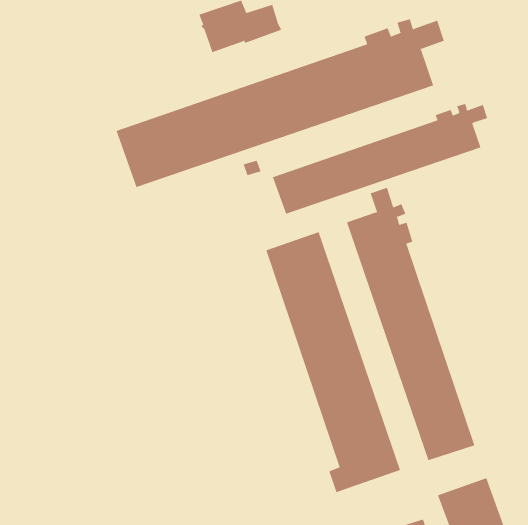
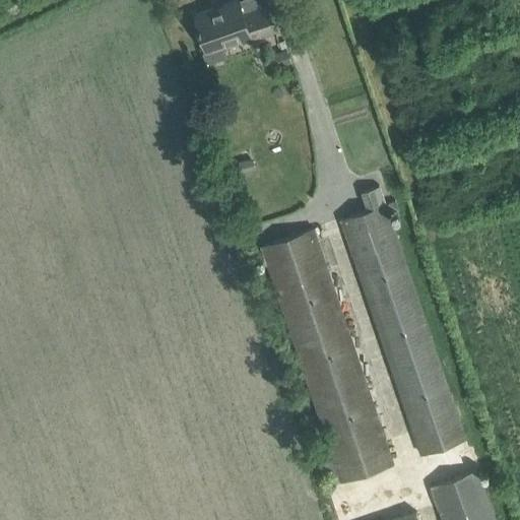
building: [116,18,445,188] -> none
building: [272,103,488,215] -> none

